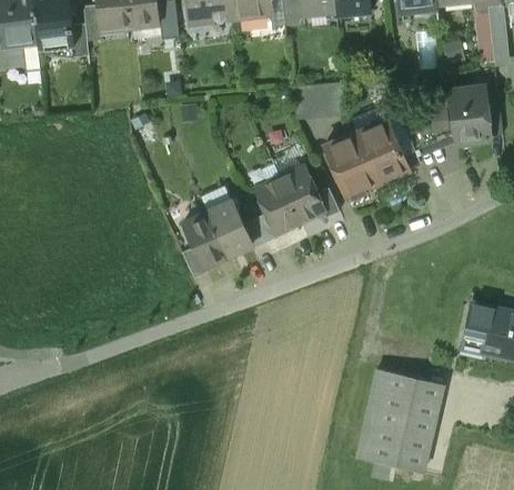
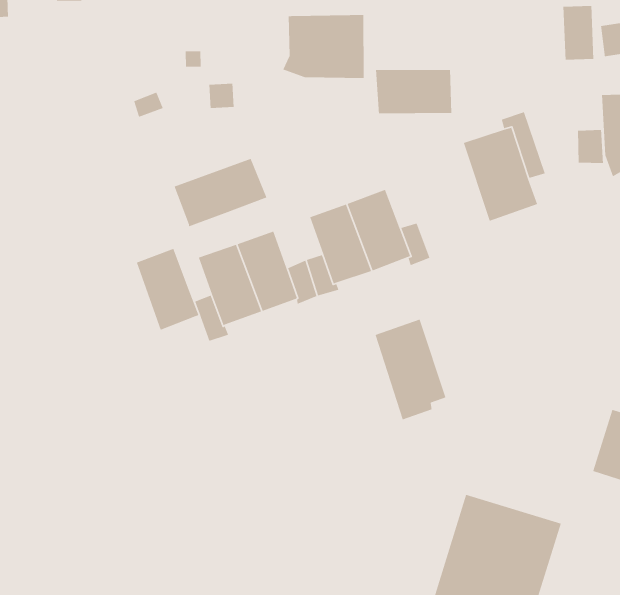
building: none -> [282,14,365,79]
building: [325,131,377,201] -> [375,319,447,421]
building: none -> [173,158,267,227]
building: none -> [136,248,199,331]

